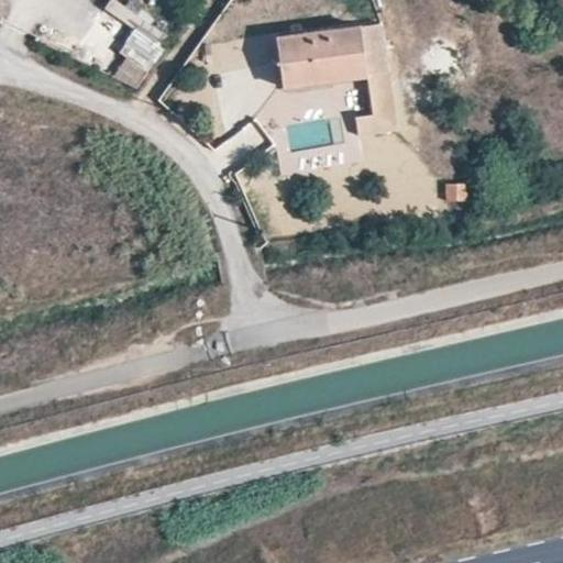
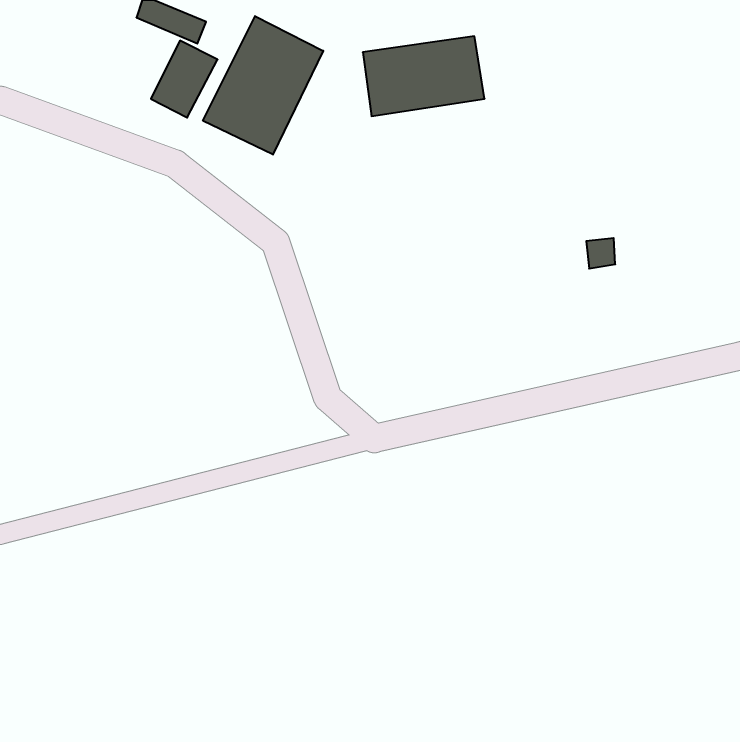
building: none -> [203,16,323,155]
building: [355,24,398,135] -> none

